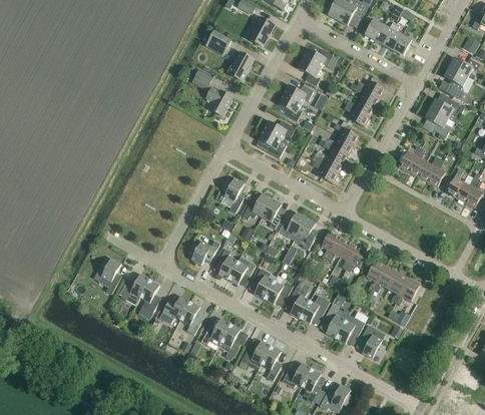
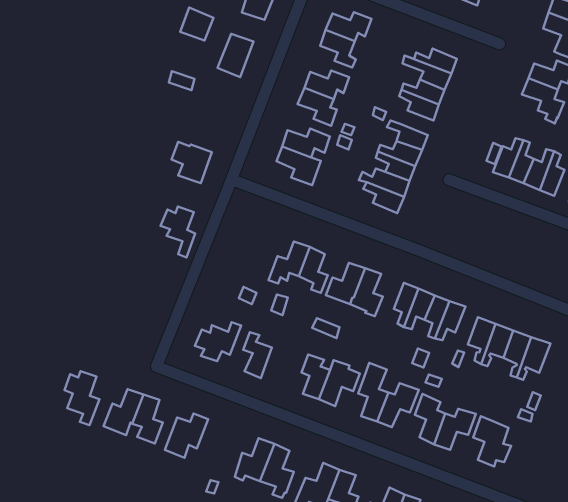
building: [205,87,232,116] -> [171,142,212,183]
building: [220,178,244,213] -> [160,207,195,258]
building: [227,257,255,285] -> none
building: [179,302,200,335] -> none

